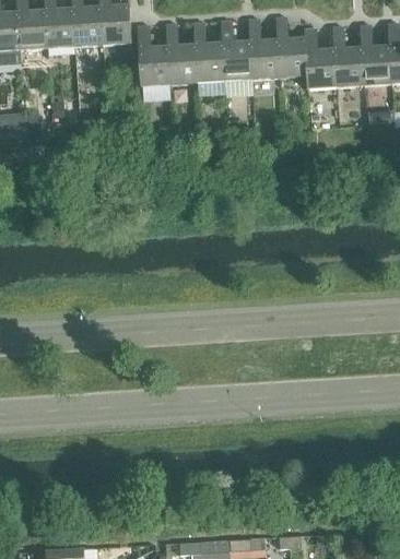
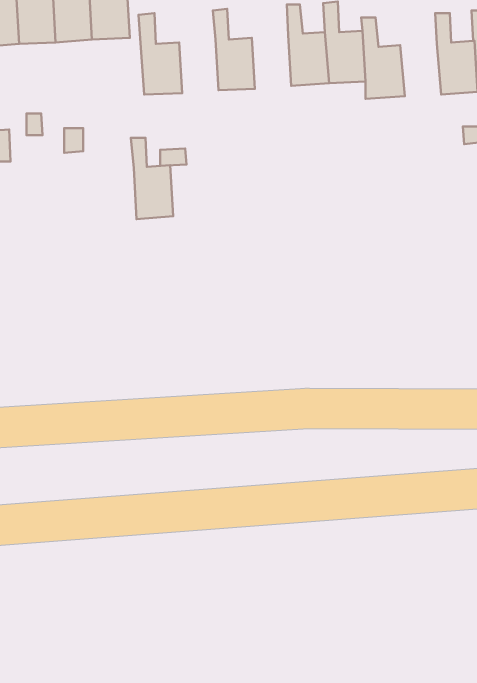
building: [221,20,251,82] -> none
building: [165,24,197,85] -> [131,138,173,219]
building: [332,26,364,87] -> none

